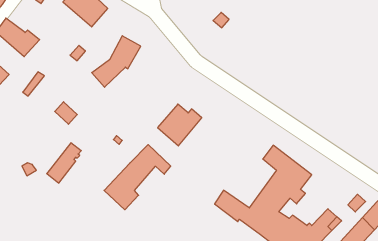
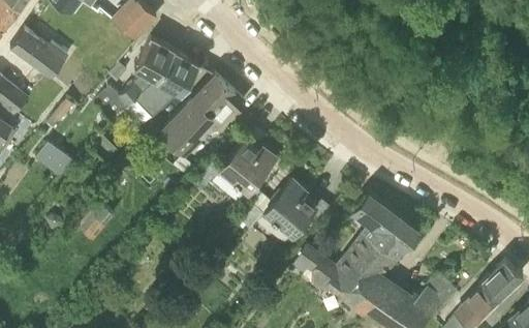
building: none -> [94,37,175,122]
building: none -> [35,142,72,180]
building: none -> [264,177,317,242]
building: [104,145,171,210] -> [158,73,244,157]

